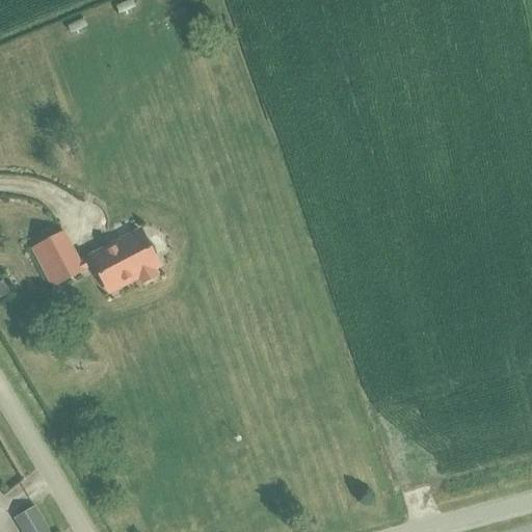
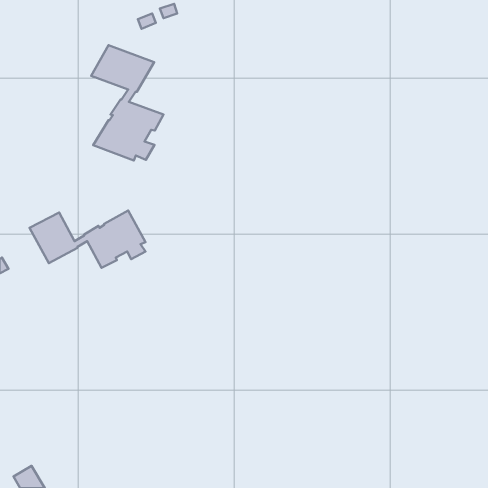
building: none -> [91,45,163,160]

